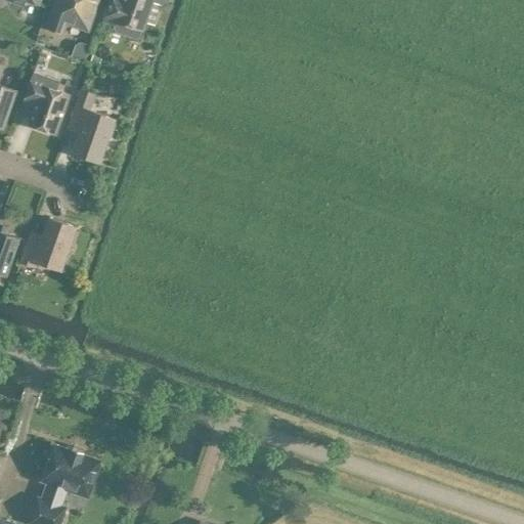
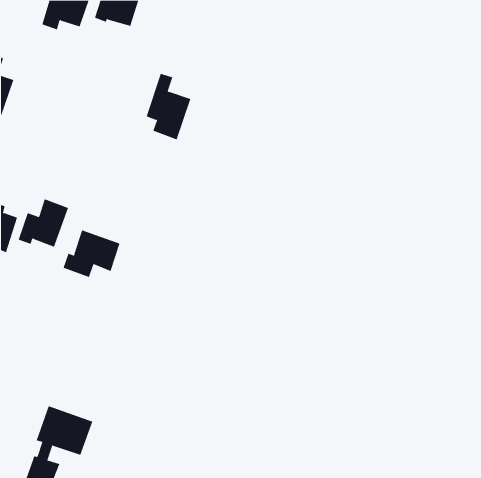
building: [24,74,70,135] -> none
building: [66,91,115,164] -> [146,73,191,140]
building: none -> [63,230,120,278]

